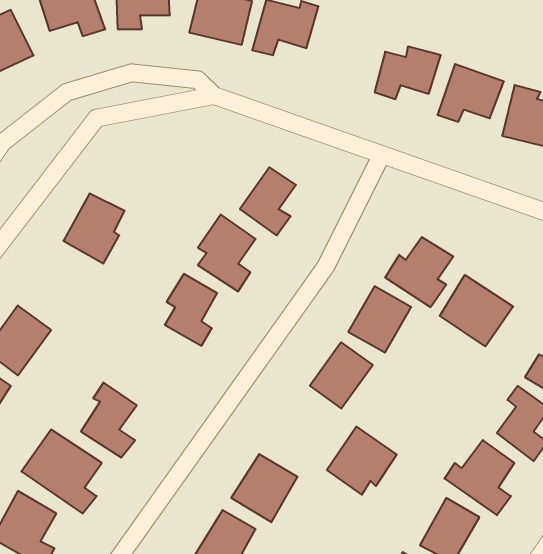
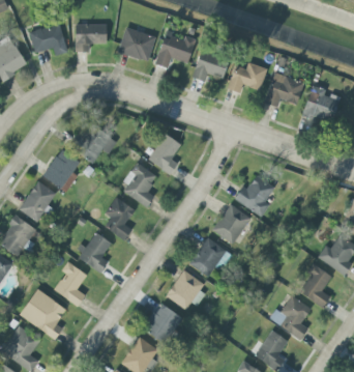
building: none -> [191,49,229,82]
building: none -> [73,123,117,163]
building: none -> [19,181,56,223]
building: [440,275,513,346] -> none
building: none -> [77,233,111,273]
building: [327,427,397,495] -> [166,269,207,310]

